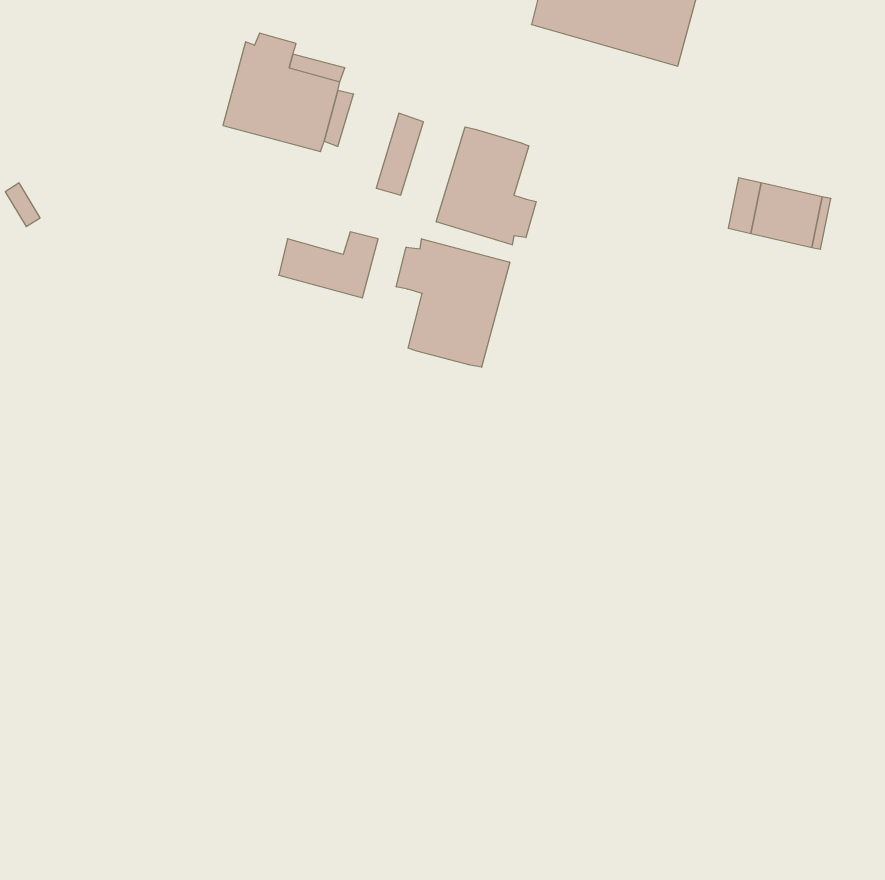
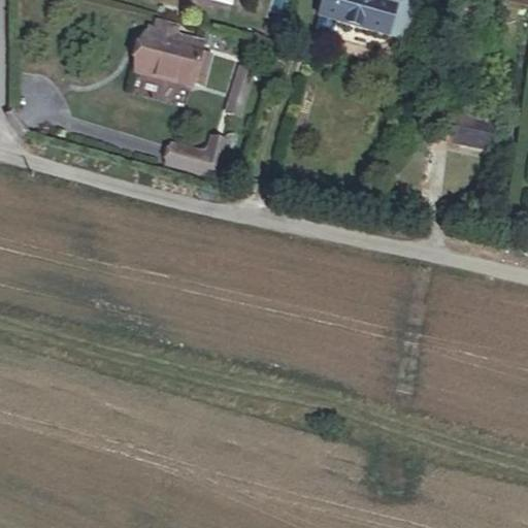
building: [436,127,536,245] -> none
building: [396,239,510,367] -> none

